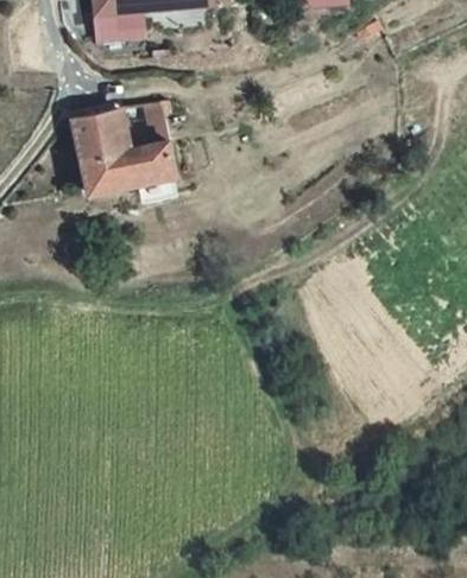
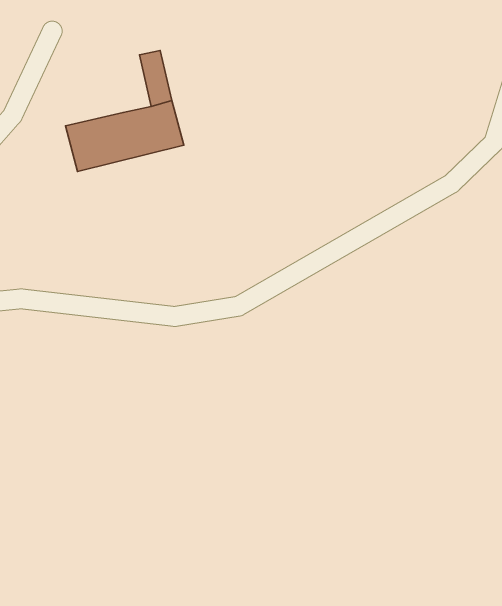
building: [72,107,127,158] -> none

